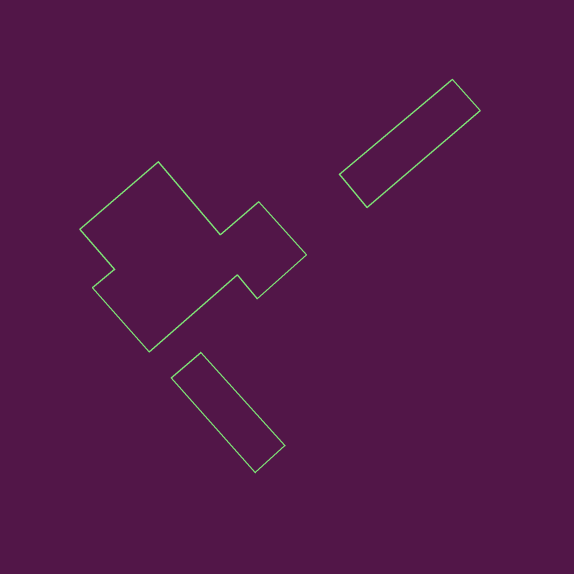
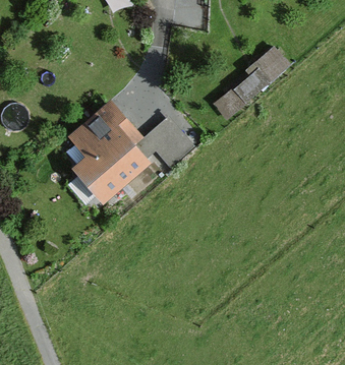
building: [171,352,285,473] -> none

